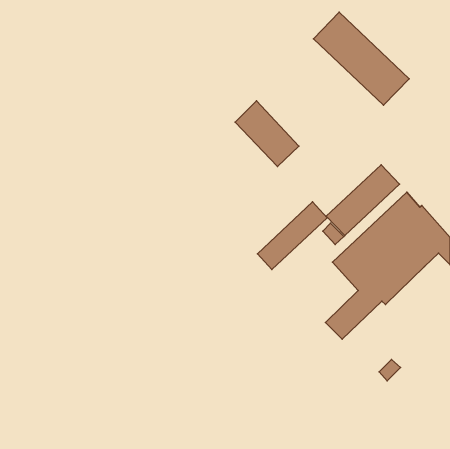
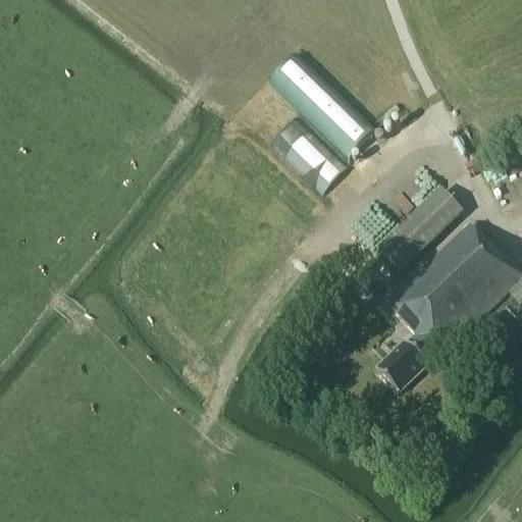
building: [314,12,409,105] -> [266,51,376,158]
building: [257,202,327,270] -> none

